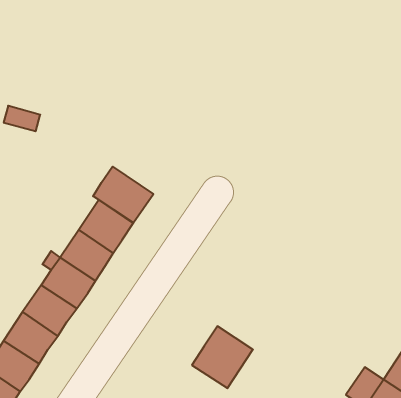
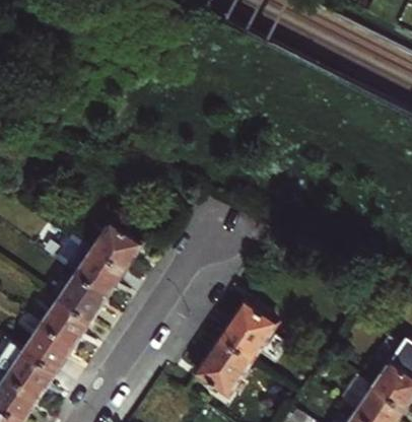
building: [93,167,153,223] -> none
building: none -> [220,298,277,357]

